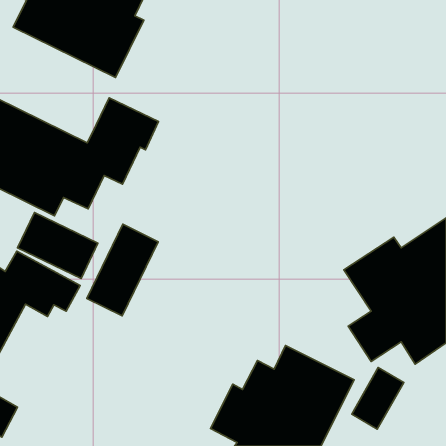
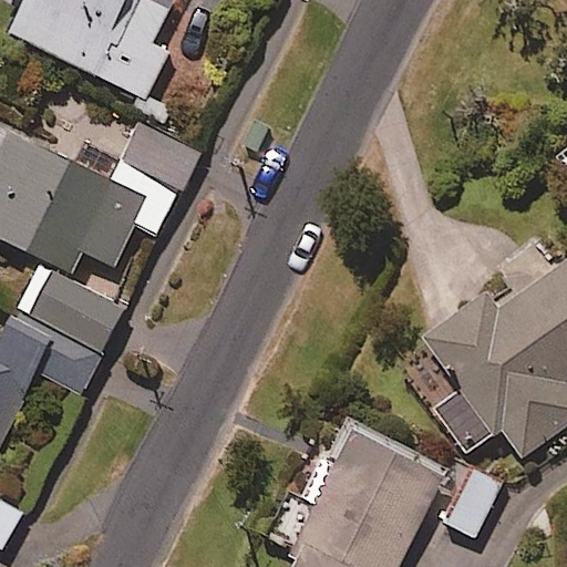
building: [87,224,158,316] -> none

